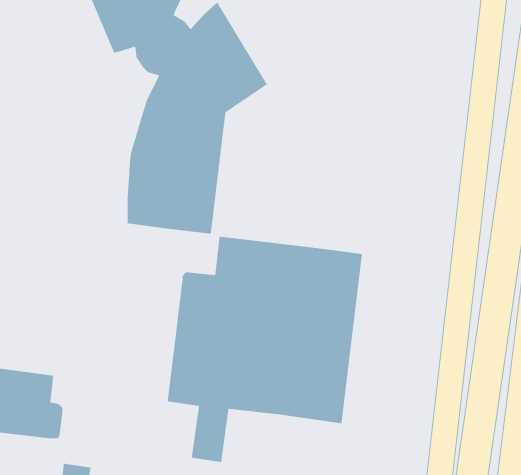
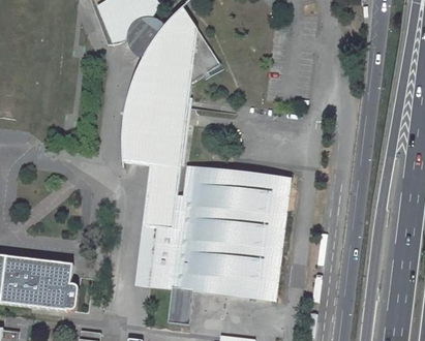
building: none -> [138,163,186,283]

